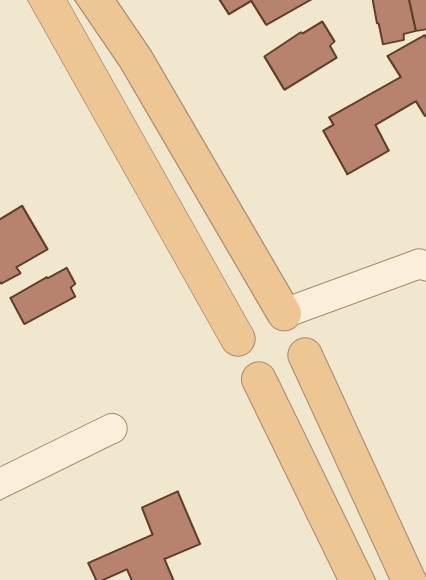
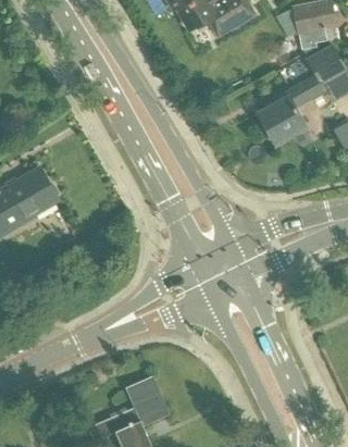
building: [264,21,337,90] -> none
building: [10,268,75,324] -> none

